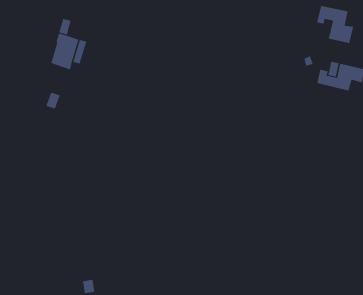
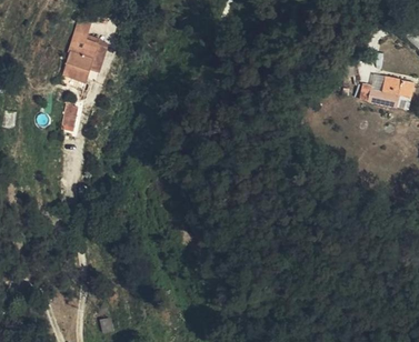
building: [316,5,354,44] -> none

